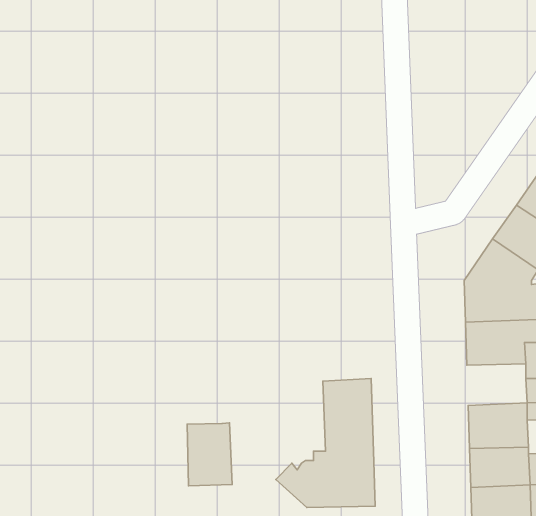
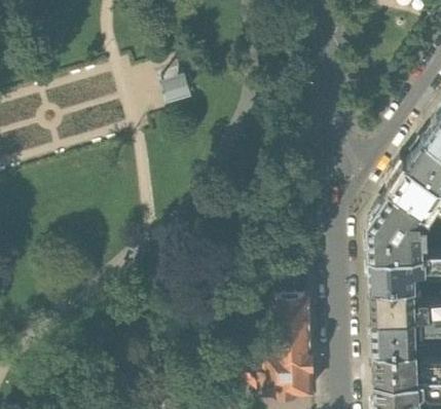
building: none -> [157,75,189,104]
building: none -> [374,289,420,321]
building: [187,423,232,486] -> none

